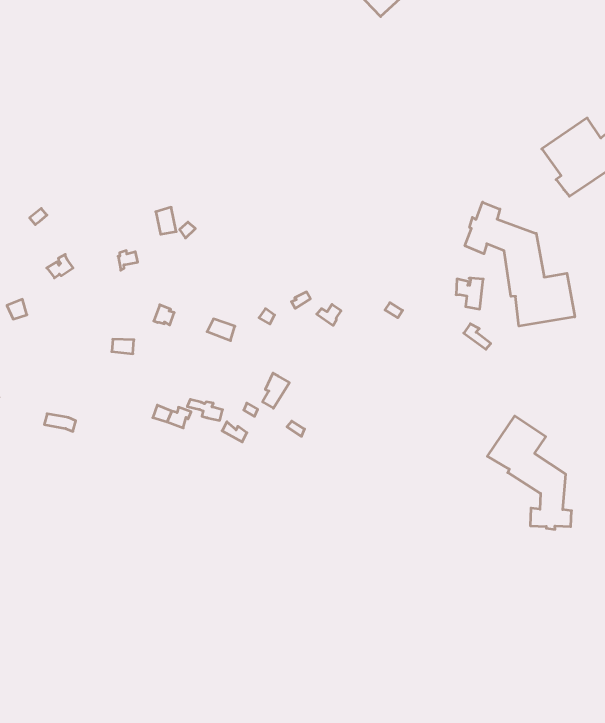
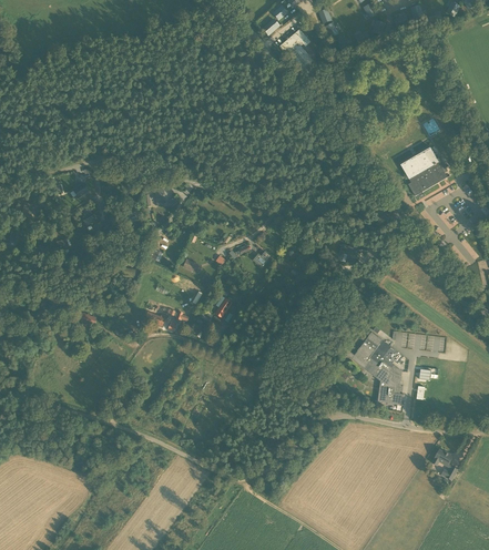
building: [465,202,575,326] -> none

